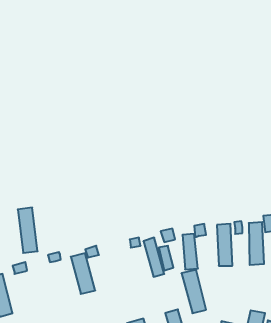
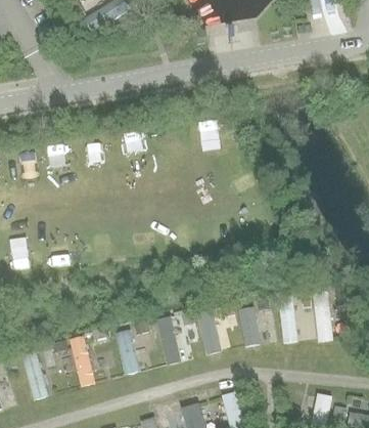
building: [18,208,38,253] -> [72,336,94,387]
building: [181,270,206,313] -> [155,315,183,365]

